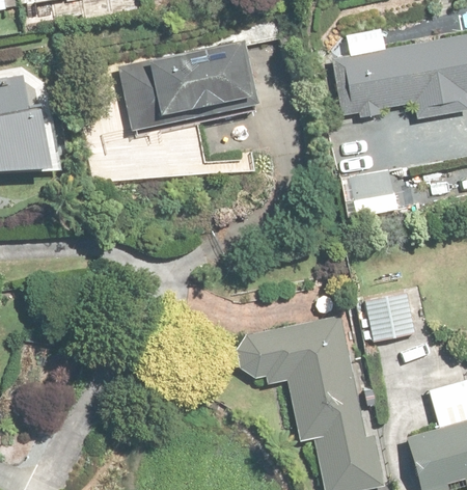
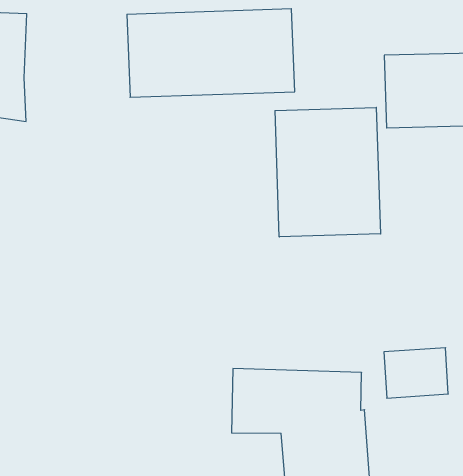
building: none -> [275,107,381,237]

